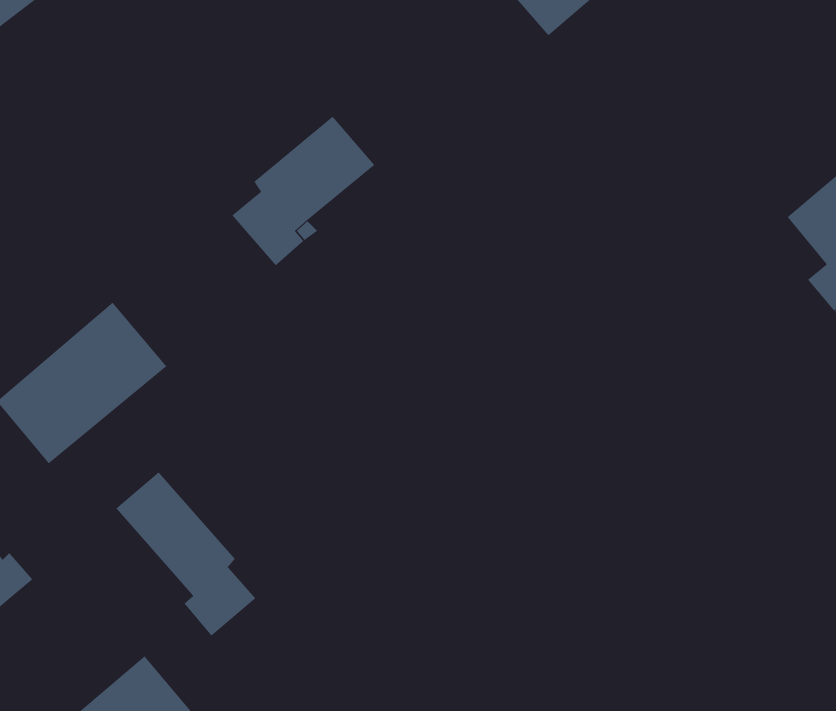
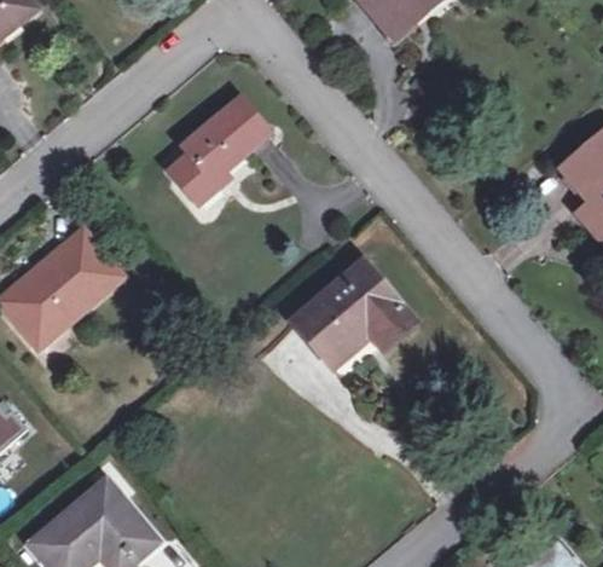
building: none -> [295,265,413,361]
building: [115,472,256,637] -> none

